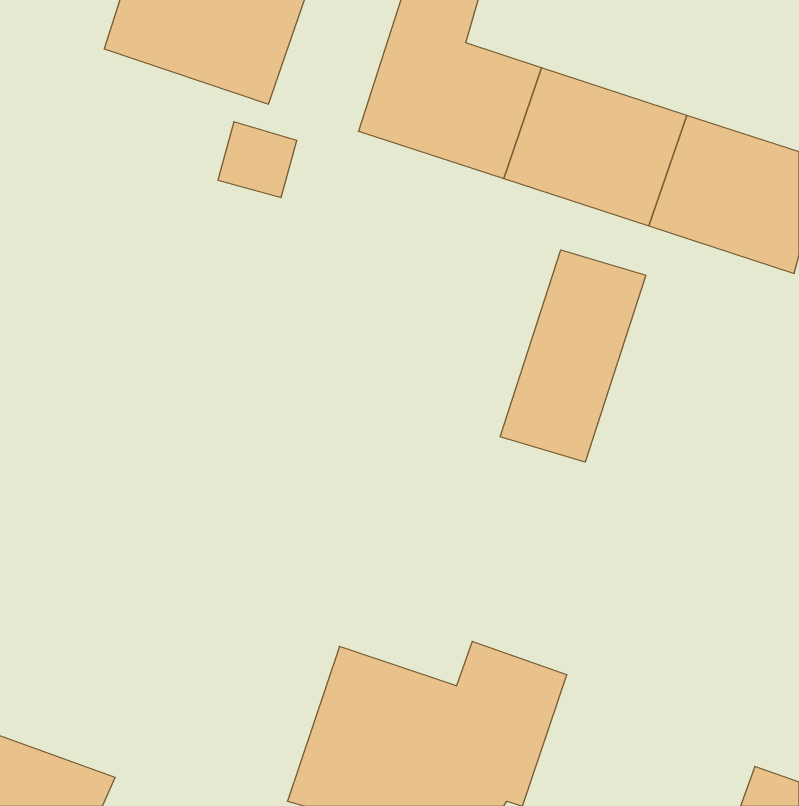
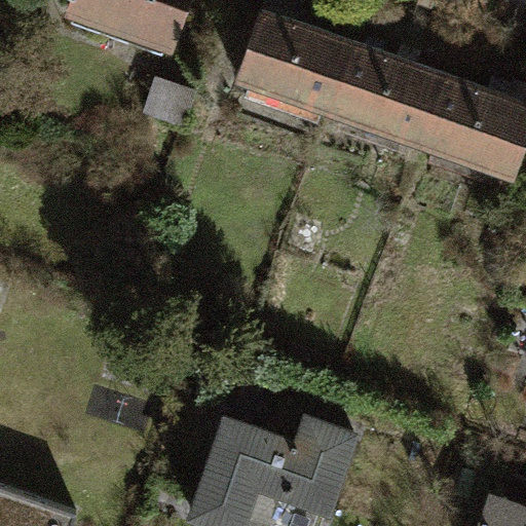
building: [500,250,646,462] -> none

